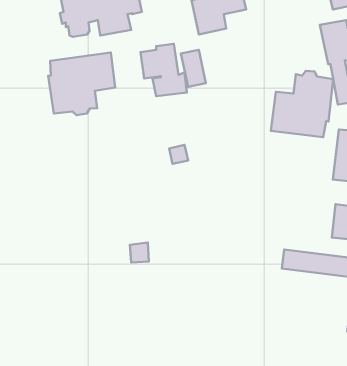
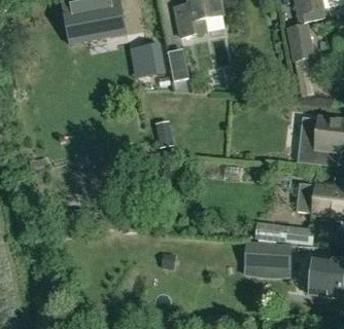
building: [48,53,115,115] -> none
building: [271,71,333,137] -> none
building: none -> [243,241,291,268]

